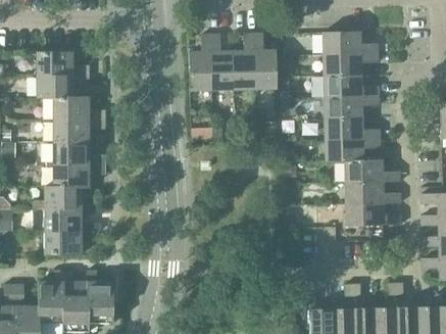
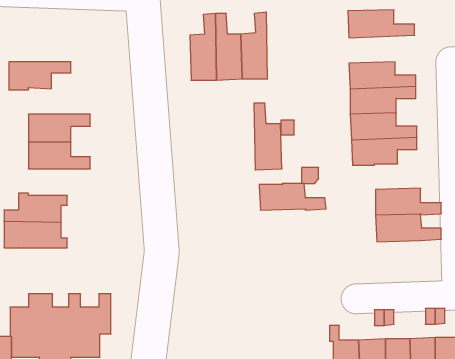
building: [253,33,277,89] -> [254,103,282,170]
building: [37,51,89,75] -> none
building: [323,52,378,76] -> none
building: [53,96,105,118] -> none
building: [344,159,400,182] -> [259,183,326,210]
building: [53,164,105,188] -> none
building: [45,231,86,254] -> none

